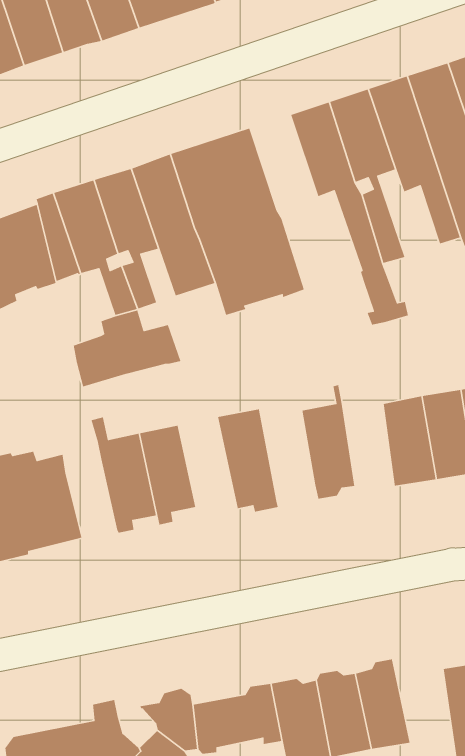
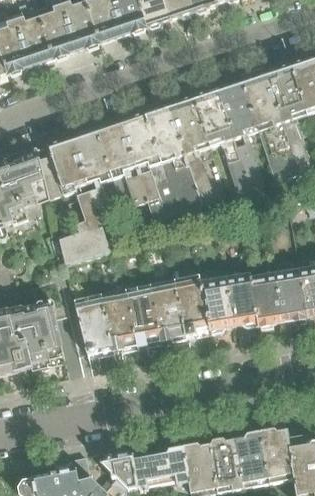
building: none -> [169,97,216,205]
building: none -> [226,270,258,328]
building: none -> [175,273,209,335]
building: none -> [125,283,161,345]
building: none -> [257,429,294,484]

